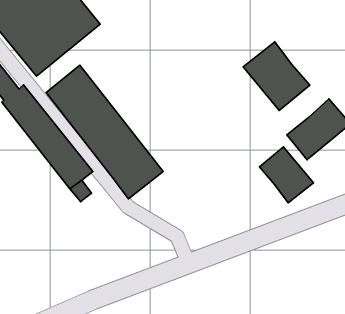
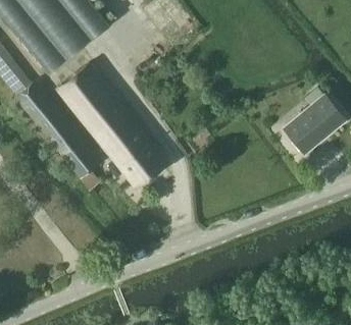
building: [243,42,310,111] -> none
building: [259,147,313,203] -> none

